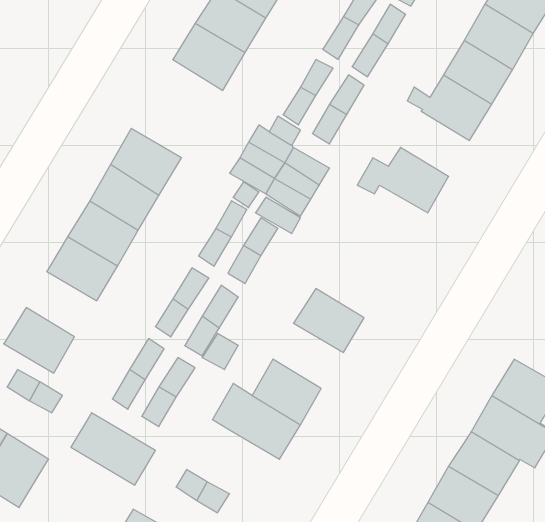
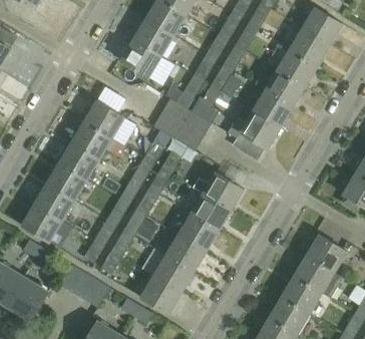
building: none -> [252,89,292,127]
building: none -> [193,172,244,210]
building: none -> [34,183,75,221]
building: none -> [177,213,219,251]
building: none -> [139,275,181,313]

